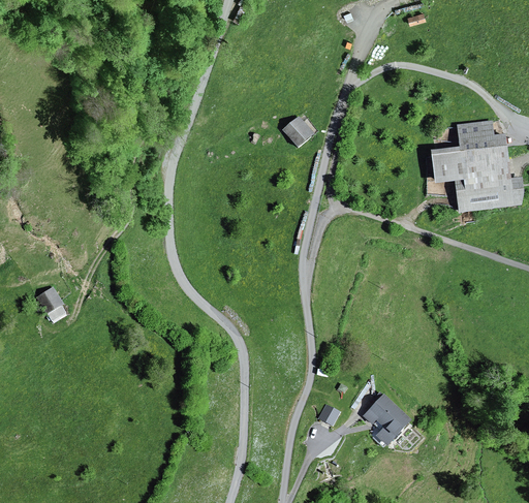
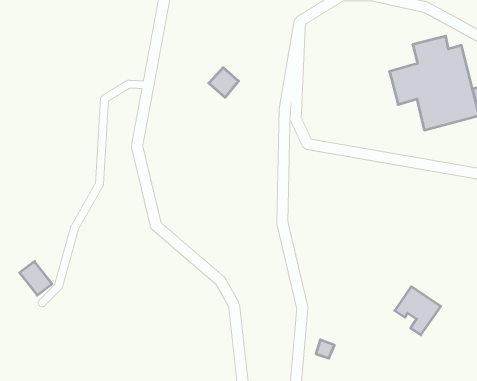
building: [283,115,313,145] -> [209,68,239,97]
building: [364,392,410,442] -> [395,287,441,335]

